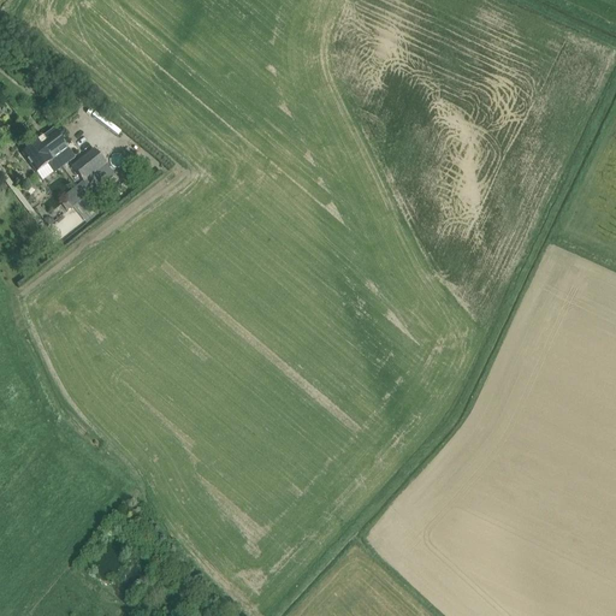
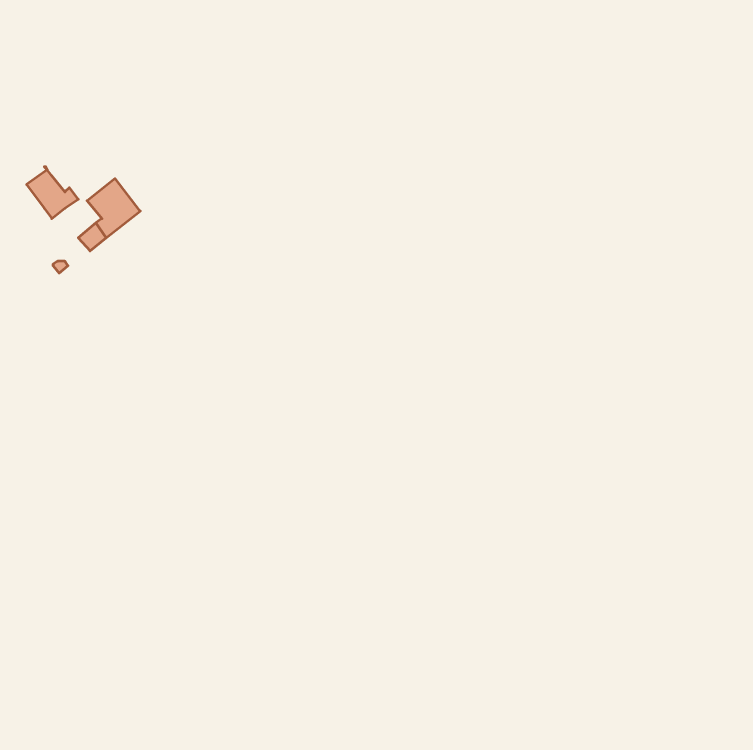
building: [40,126,76,162] -> none

